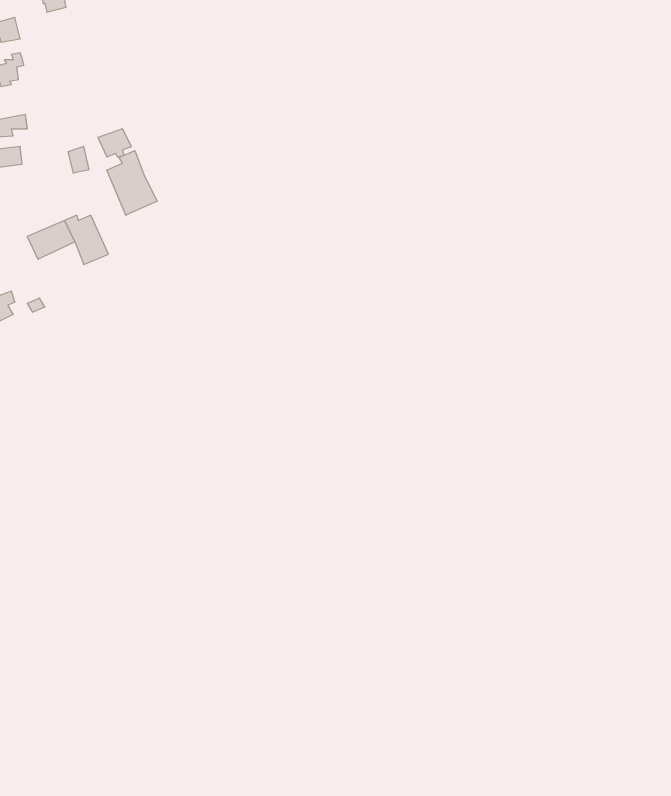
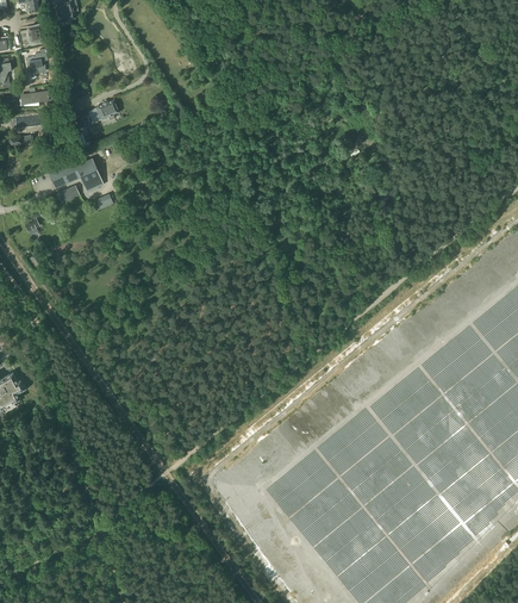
building: [107,151,157,215] -> none

